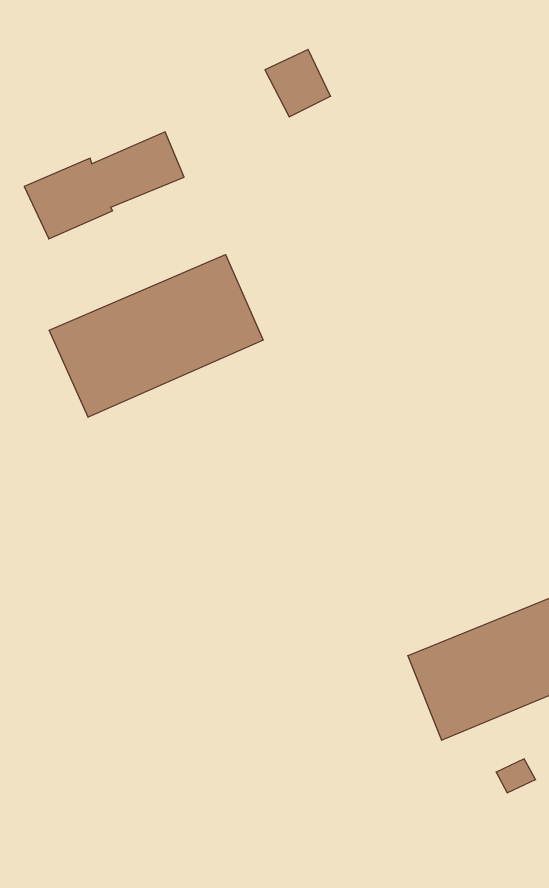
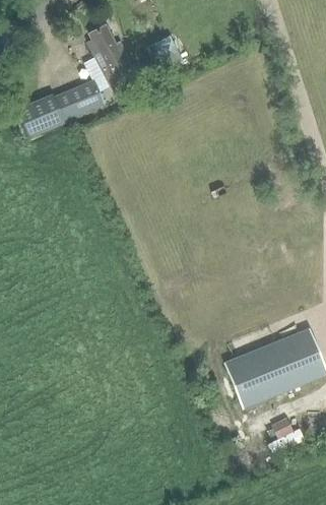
building: none -> [88,25,134,83]
building: [49,255,263,417] -> none

